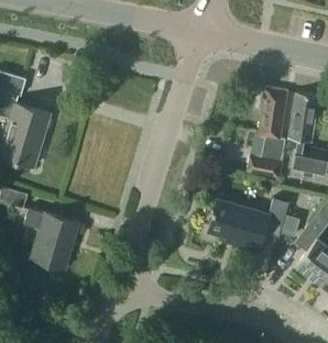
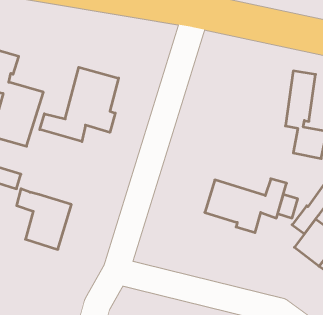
building: [245,88,286,178] -> none
building: none -> [40,67,119,142]

